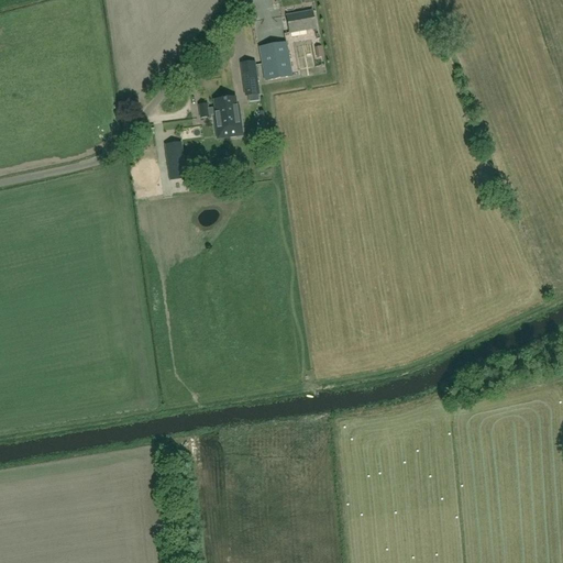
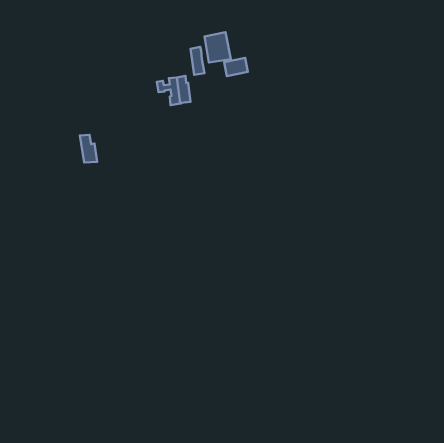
building: [285,9,314,32] -> [224,58,248,76]
building: [163,140,185,175] -> [80,135,97,163]

